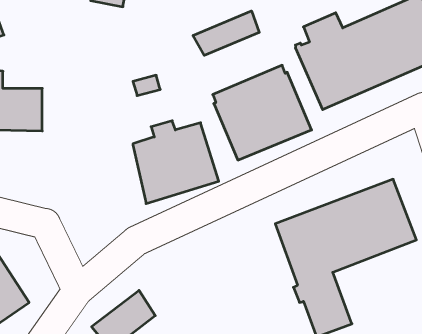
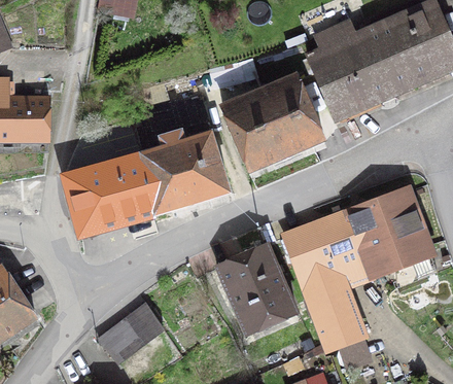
building: [193,11,259,55] -> none
building: none -> [64,155,154,235]
building: none -> [216,243,297,335]

